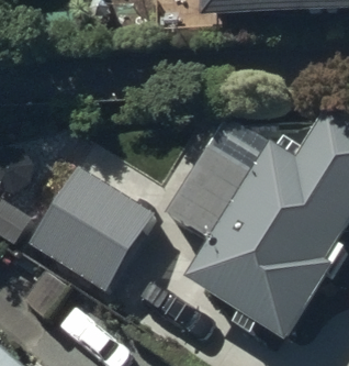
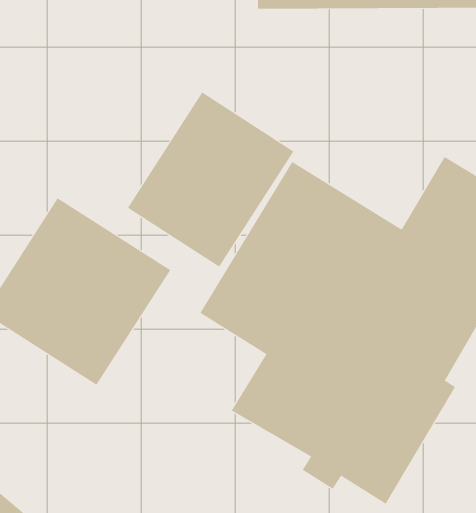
building: none -> [127,92,294,268]

